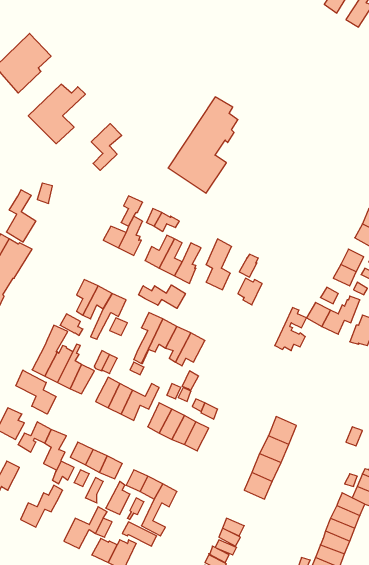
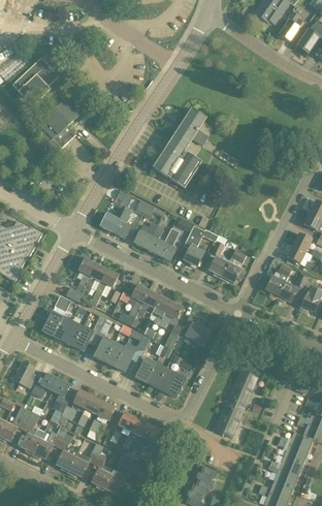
building: [91,124,122,170] -> none
building: [6,190,36,242] -> none
building: [139,285,185,308] -> none
building: [275,308,307,351] -> [221,247,247,282]
building: none -> [185,313,211,345]
building: [16,370,56,414] -> none
building: none -> [21,410,39,452]
building: none -> [56,435,77,470]

